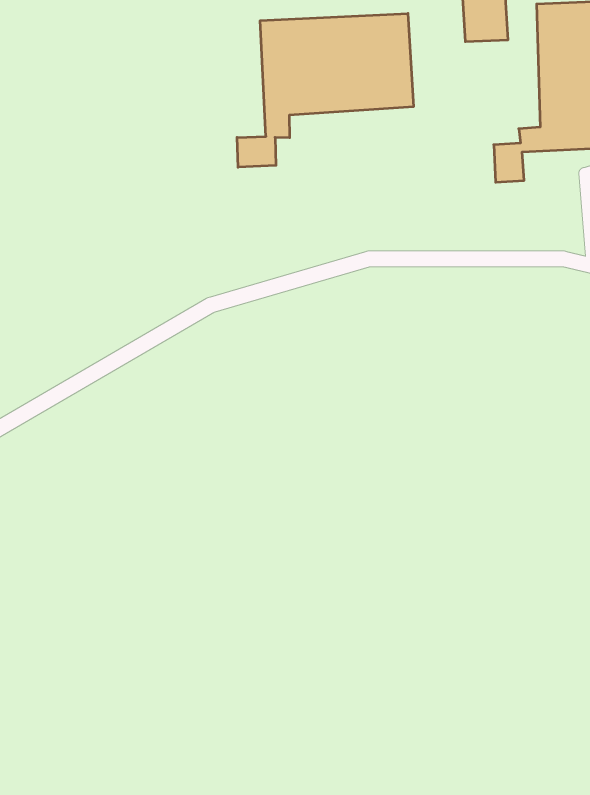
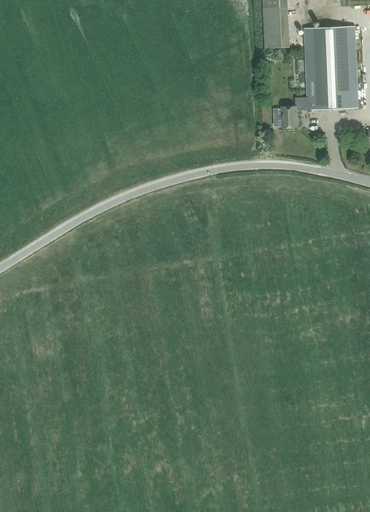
building: [237,13,413,167] -> none

